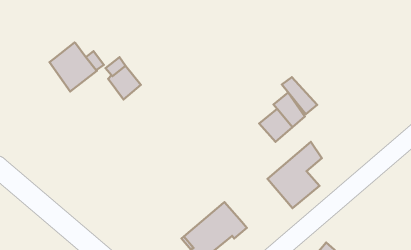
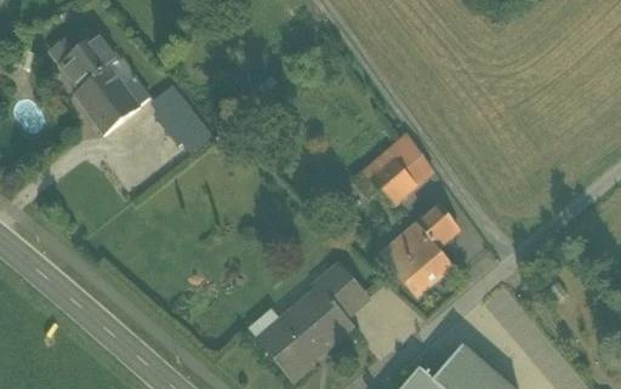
building: none -> [61,35,118,87]
building: [282,77,317,114] -> none
building: none -> [314,265,366,316]

